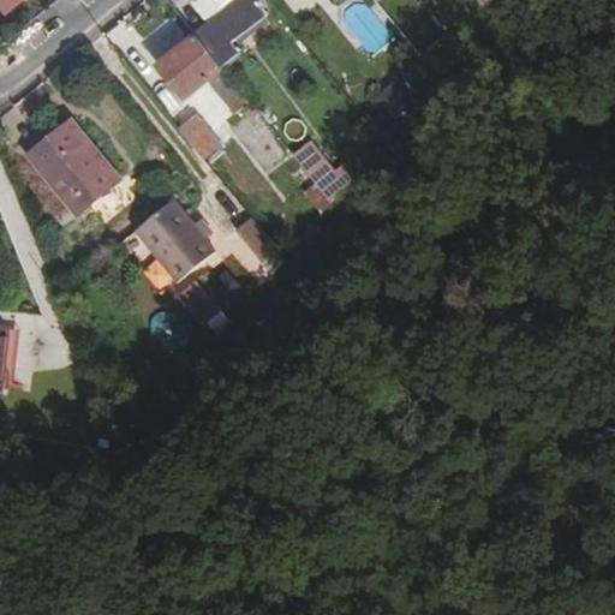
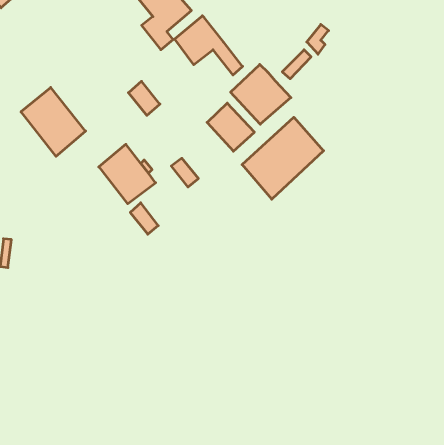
building: [154,32,247,114] -> [174,16,243,75]
building: none -> [231,64,291,124]
building: none -> [242,117,324,199]

